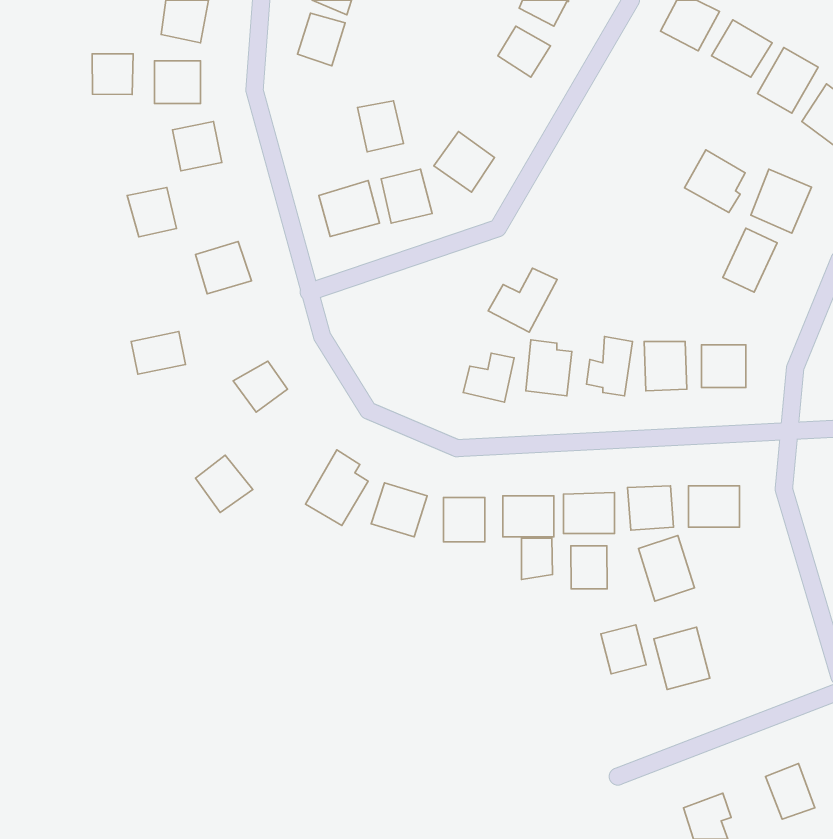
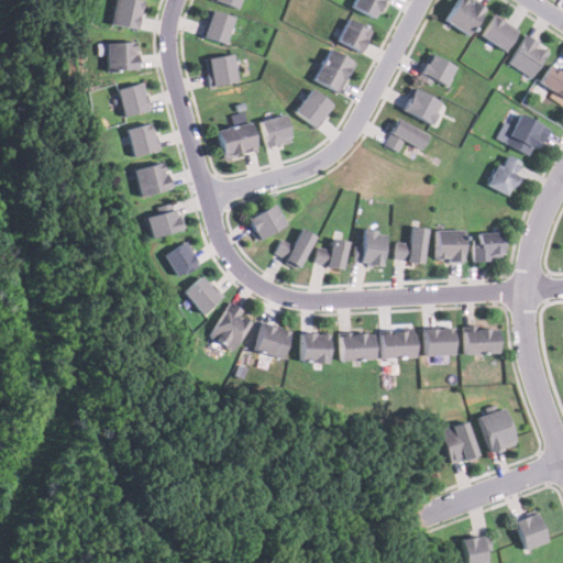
building: [92,54,133,95] -> none
building: none -> [313,48,355,92]
building: none -> [419,51,459,87]
building: [357,101,403,152] -> [207,53,238,87]
building: [684,150,745,212] -> [402,85,443,126]
building: none -> [385,117,430,152]
building: [127,187,177,237] -> [129,122,162,155]
building: [488,268,557,332] -> [273,227,319,269]
building: none -> [245,203,286,241]
building: [131,332,186,374] -> [147,208,184,236]
building: [195,455,253,513] -> [181,276,220,314]
building: [638,535,694,601] -> [481,407,518,451]
building: [521,538,552,579] -> none
building: [571,546,607,589] -> none
building: [601,625,646,674] -> none

